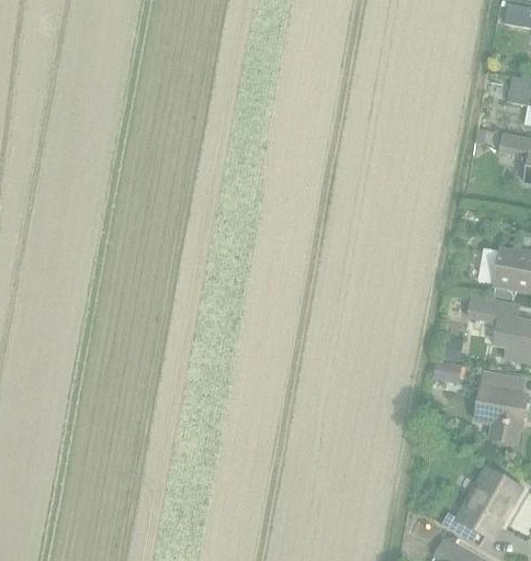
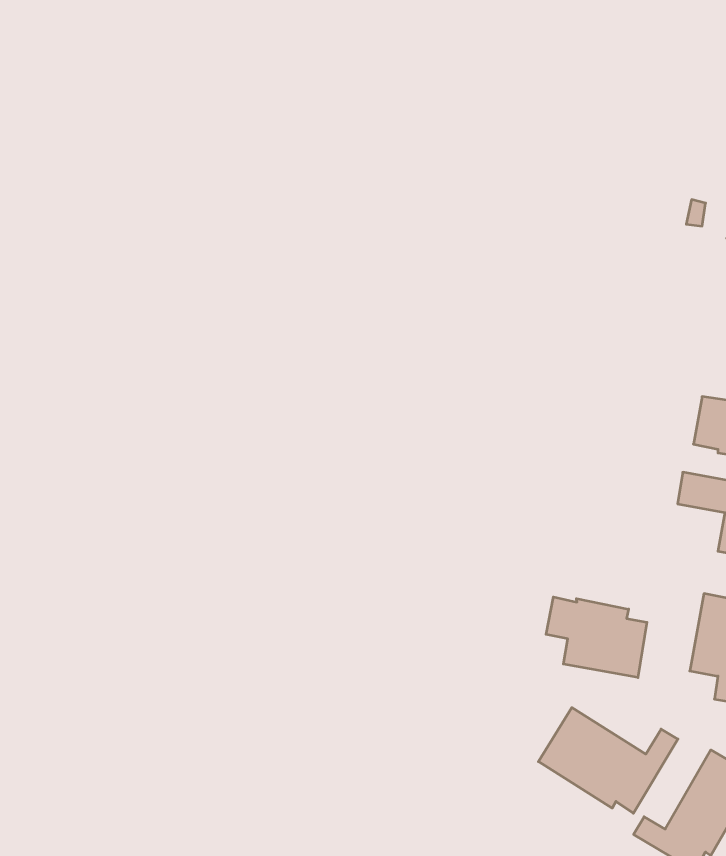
building: none -> [546,597,647,678]
building: none -> [538,708,678,813]

